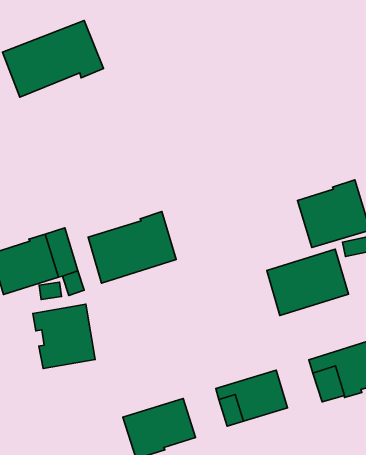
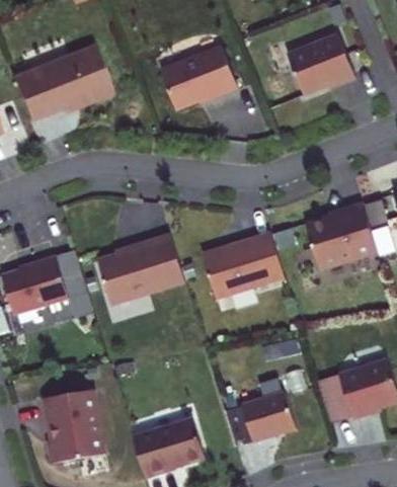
building: none -> [288,33,355,95]
building: none -> [161,48,239,111]
building: [267,249,348,316] -> [204,232,285,298]
building: [33,304,95,369] -> [42,389,103,453]

